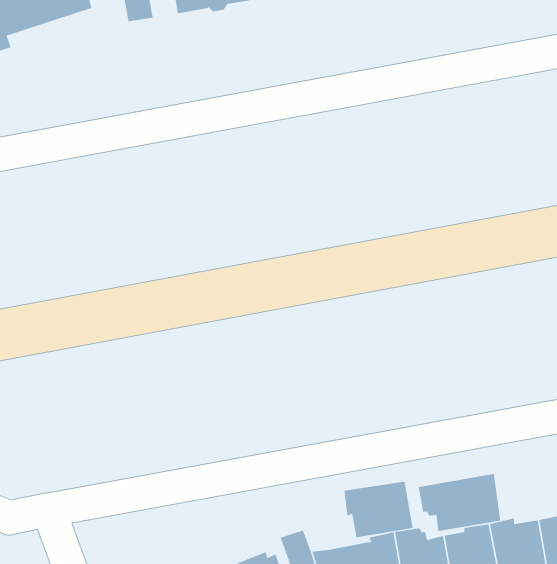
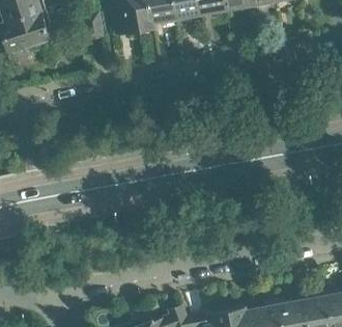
building: [418,473,501,532] -> none
building: [344,481,413,538] -> none

